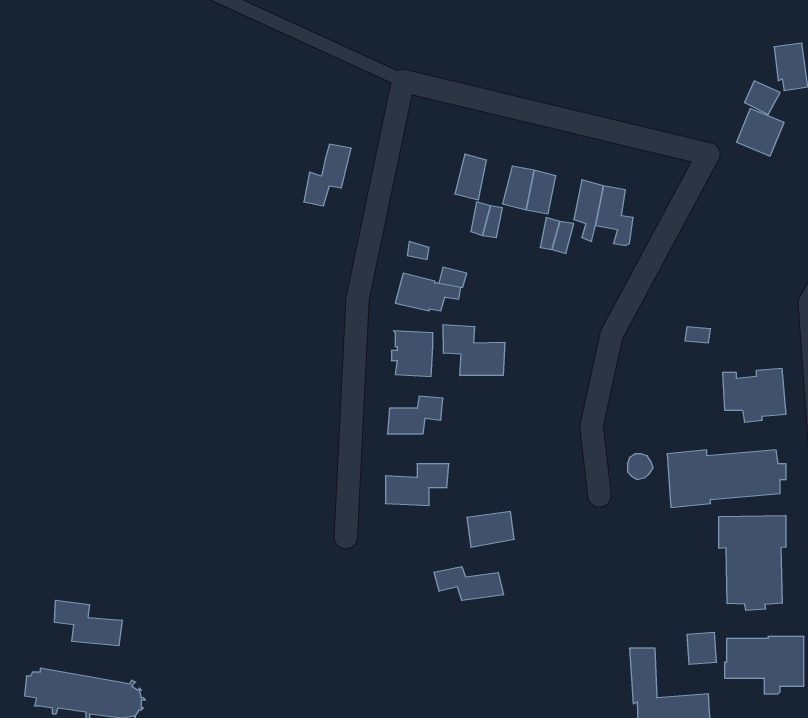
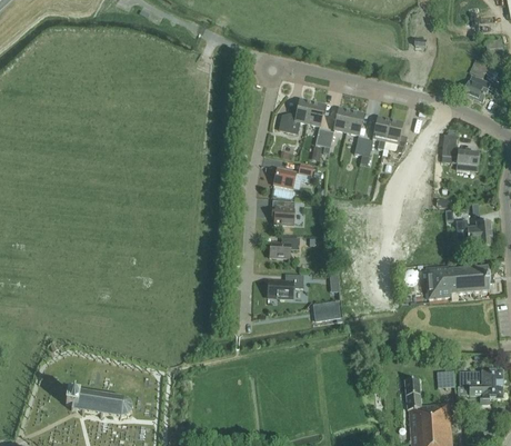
building: [304,144,351,206] -> [285,98,312,132]
building: none -> [441,133,478,170]
building: [443,325,505,376] -> none
building: [719,515,786,610] -> none
building: [434,567,504,601] -> none
building: [55,600,122,646] -> none

